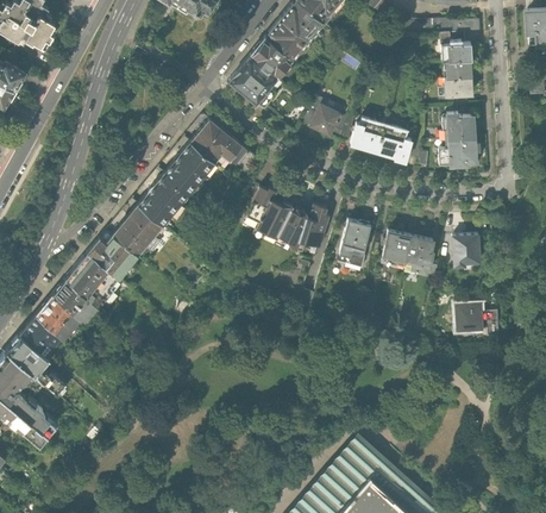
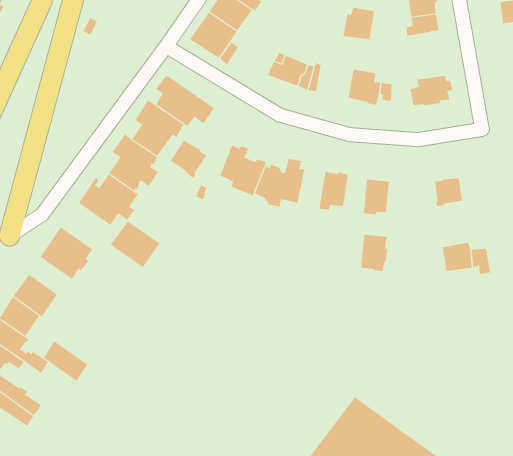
building: [441,113,477,139] -> none
building: [351,118,384,151] -> [343,7,375,40]
building: none -> [170,140,207,179]
building: [88,230,137,276] -> [110,221,160,267]
building: [404,236,433,274] -> [360,234,388,272]
building: [54,279,96,320] -> [43,341,88,382]

